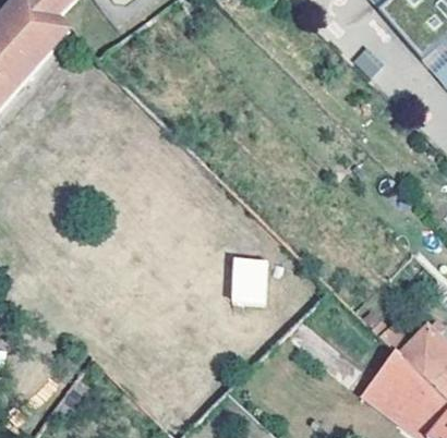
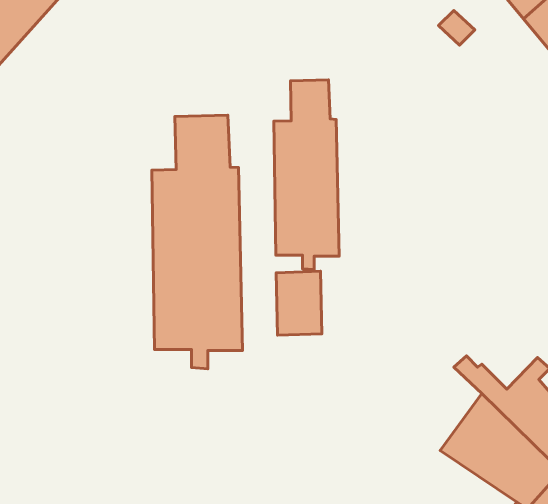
building: none -> [274,80,339,270]
building: none -> [152,115,242,369]

